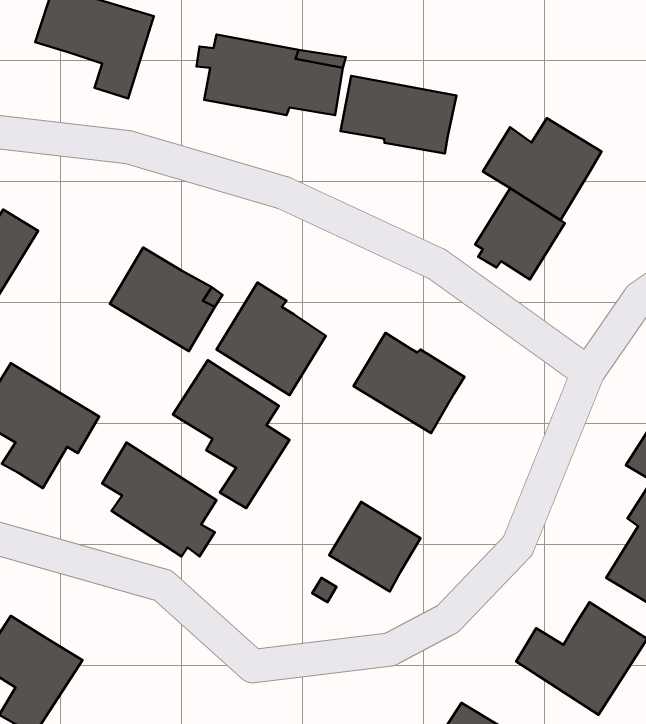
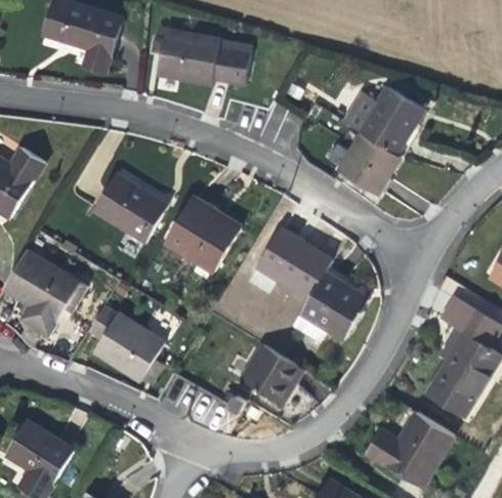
building: [341,76,456,153] -> none
building: [173,360,289,508] -> none
building: none -> [291,271,368,342]

